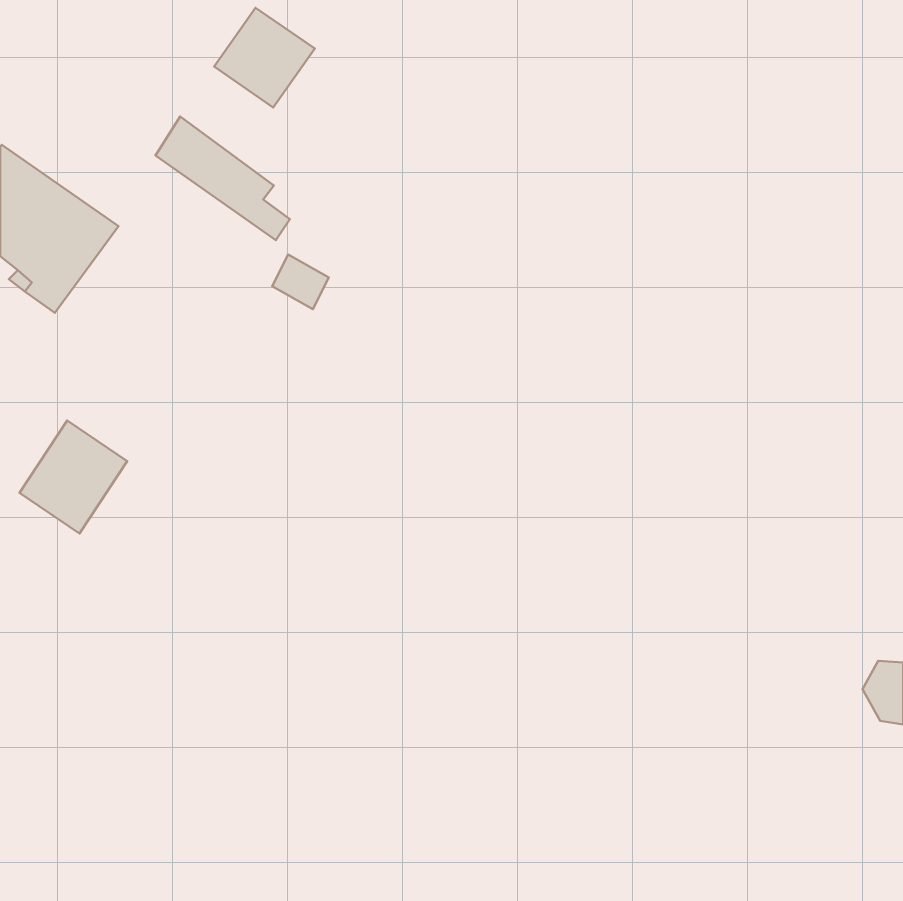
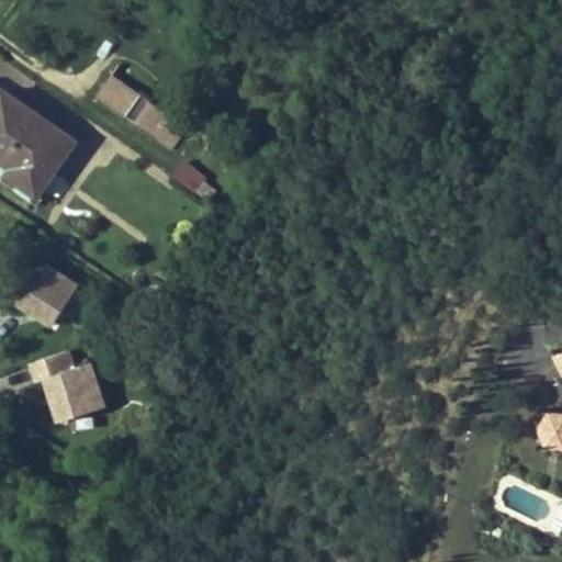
building: [214,8,315,107] -> none
building: none -> [31,350,106,428]

